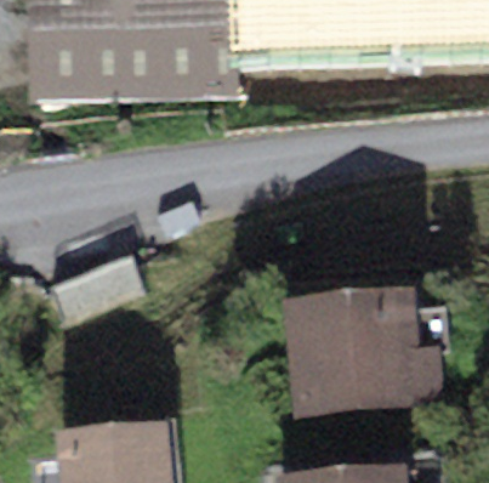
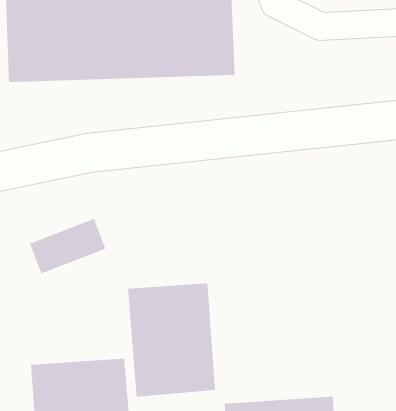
building: [282,285,439,414] -> none
building: none -> [128,282,215,397]

